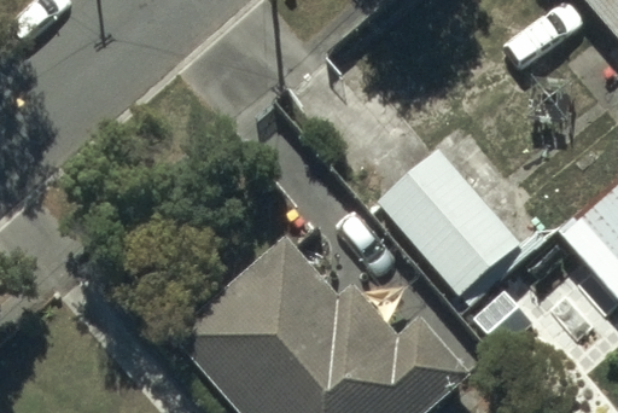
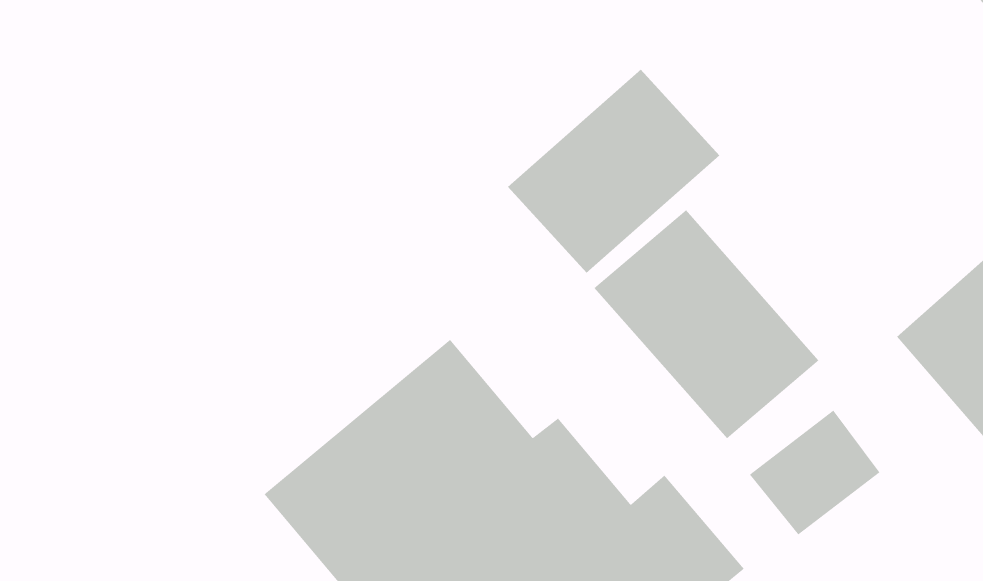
building: none -> [507,69,720,274]

